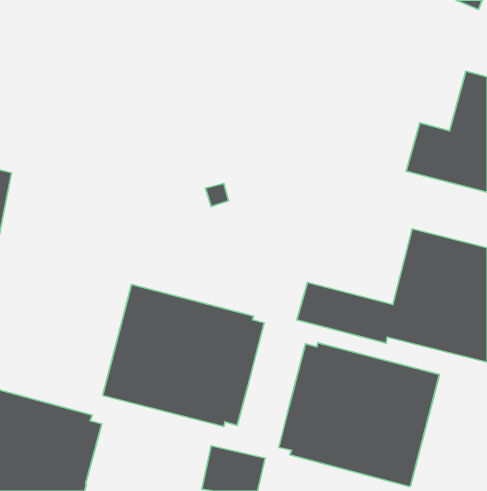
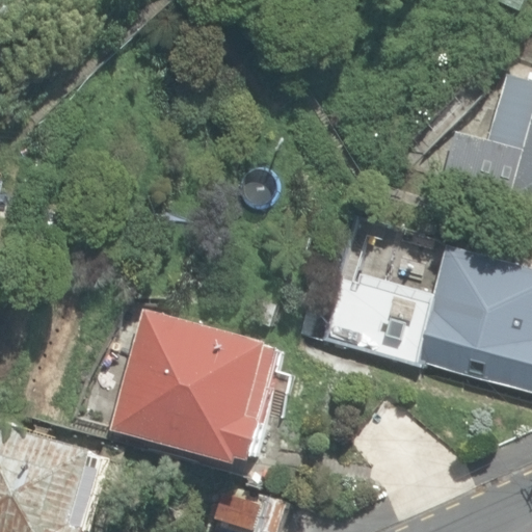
building: [279,343,439,486] -> none

